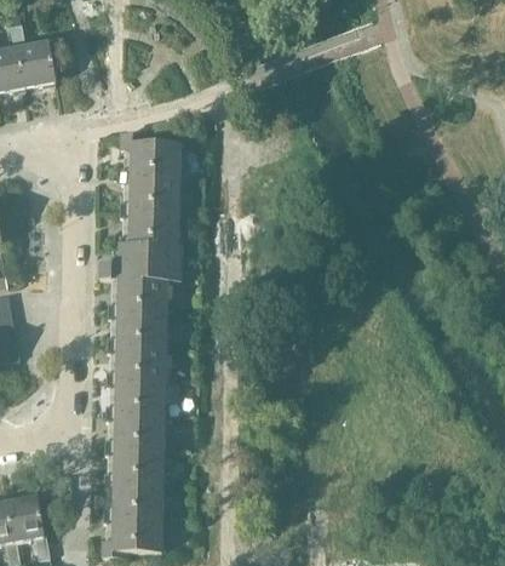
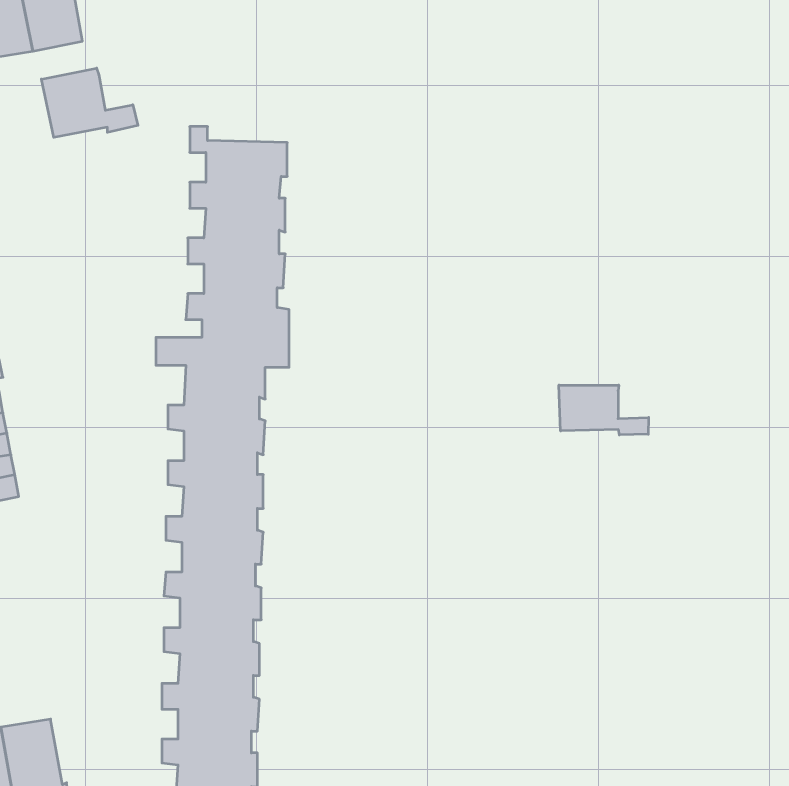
building: none -> [41,68,138,137]
building: none -> [559,385,649,435]

